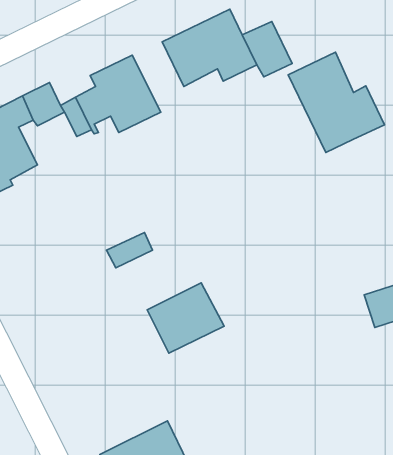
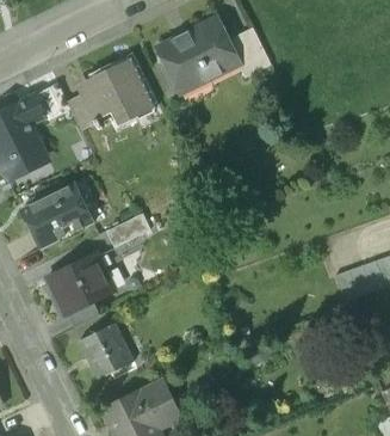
building: [288,52,385,153] -> none
building: none -> [20,184,91,248]
building: [147,283,224,353] -> [45,253,113,315]
building: none -> [78,323,132,379]

